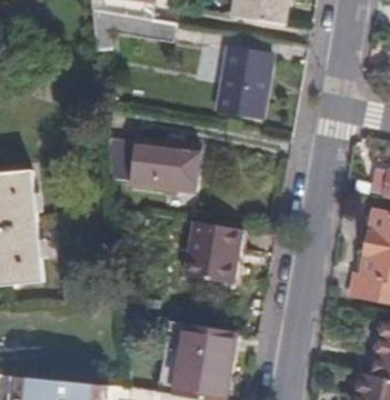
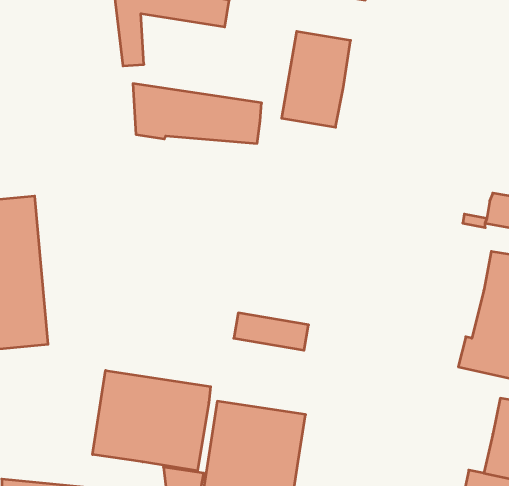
building: [104,136,200,180] -> [133,84,262,143]
building: [184,221,243,264] -> none
building: none -> [93,370,211,471]

